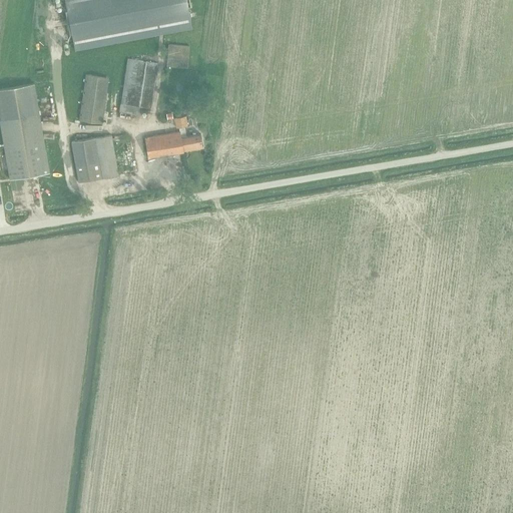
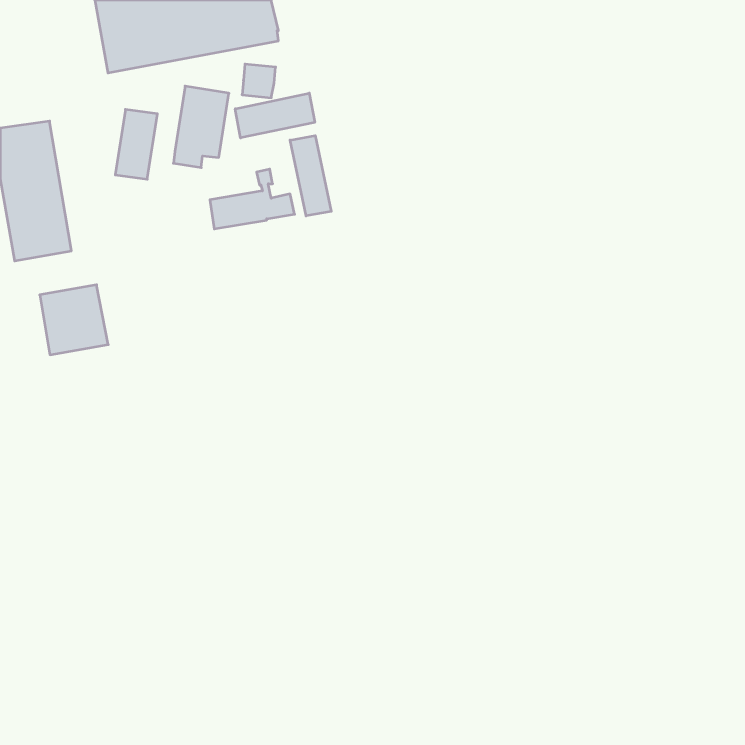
building: none -> [235,93,315,138]
building: none -> [290,136,331,216]
building: [71,134,118,182] -> [40,285,108,355]

